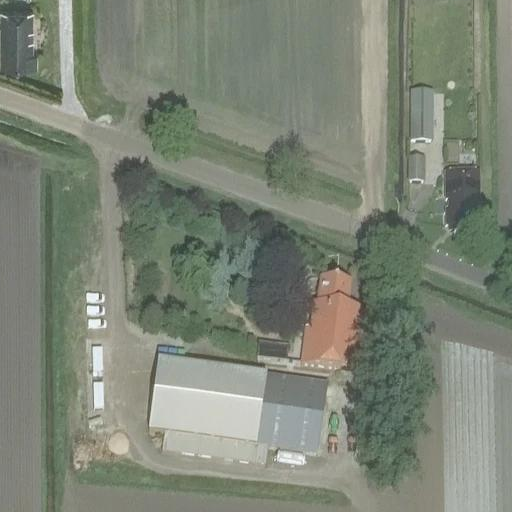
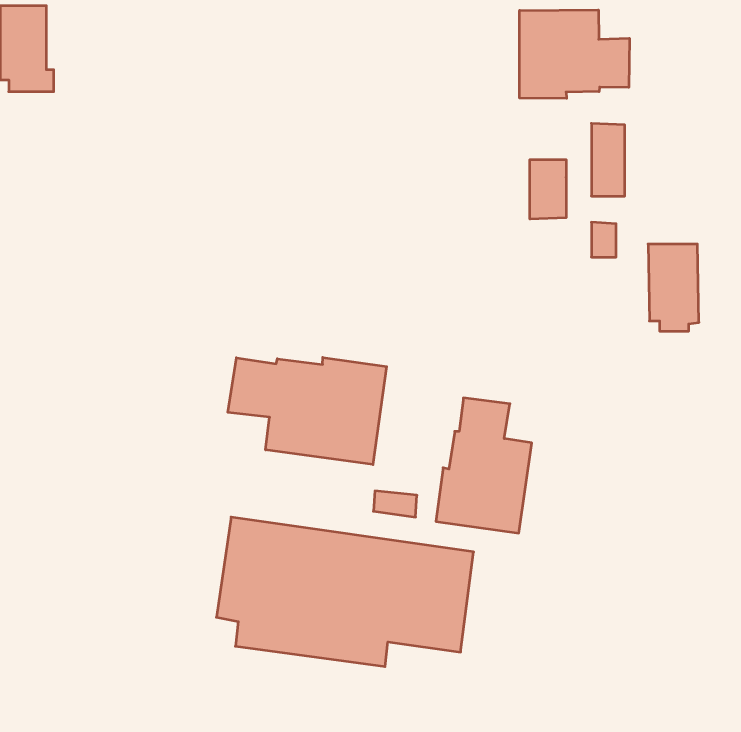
building: none -> [520,10,629,98]
building: none -> [530,160,566,219]
building: none -> [228,357,387,465]

